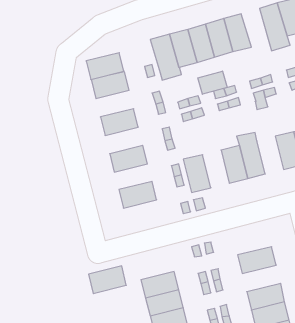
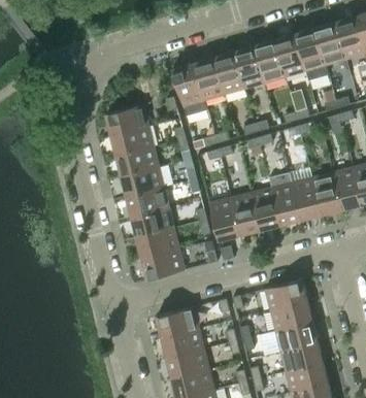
building: none -> [274,34,305,77]
building: [86,53,124,79] -> [111,126,154,156]
building: [198,71,227,94] -> none
building: none -> [122,167,164,197]
building: none -> [290,168,322,220]
building: none -> [231,193,261,235]
building: none -> [132,208,174,237]
building: none -> [142,248,185,279]
building: none -> [265,279,308,310]
building: none -> [260,322,319,356]
building: [89,266,126,294] -> [157,307,199,338]

